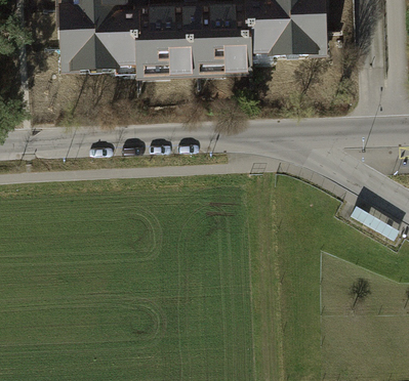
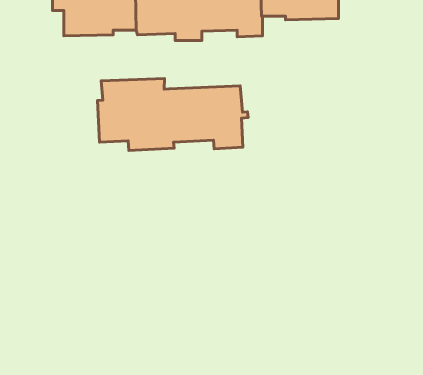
building: none -> [98,78,248,150]

